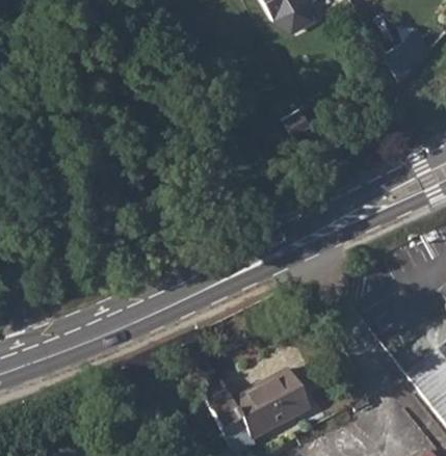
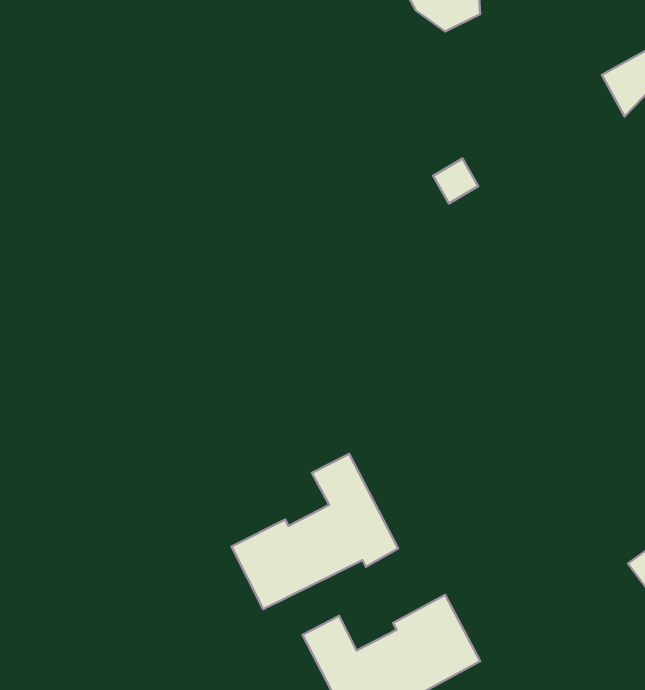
building: none -> [231,454,398,609]

